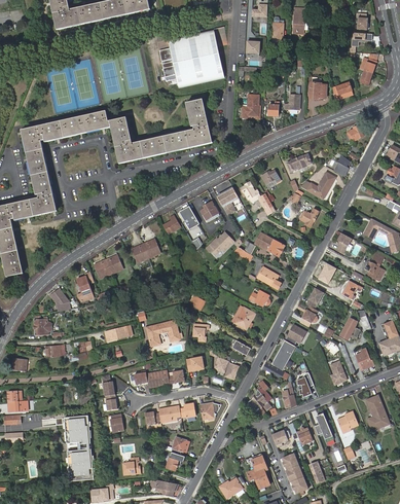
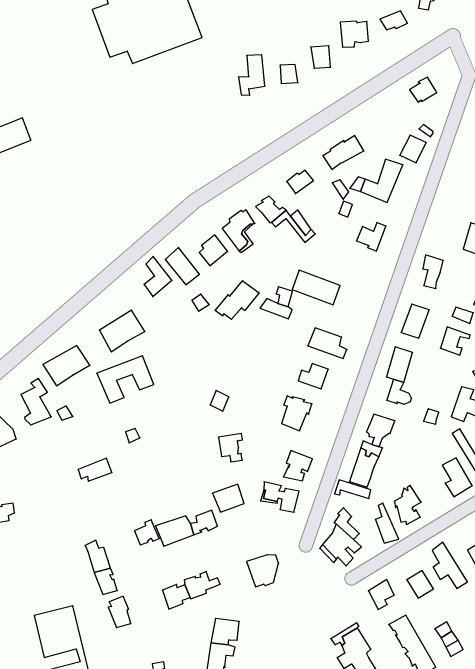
building: [111,99,212,160] -> none
building: [146,320,180,346] -> [97,356,154,403]

